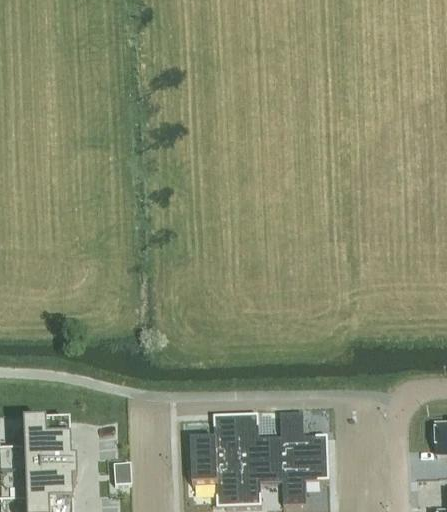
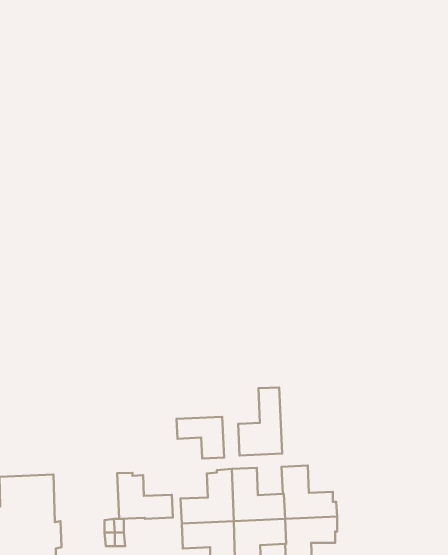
building: none -> [238,387,282,455]
building: none -> [177,417,224,458]
building: none -> [117,473,173,519]

